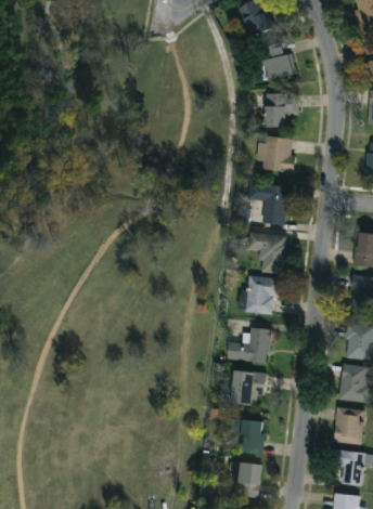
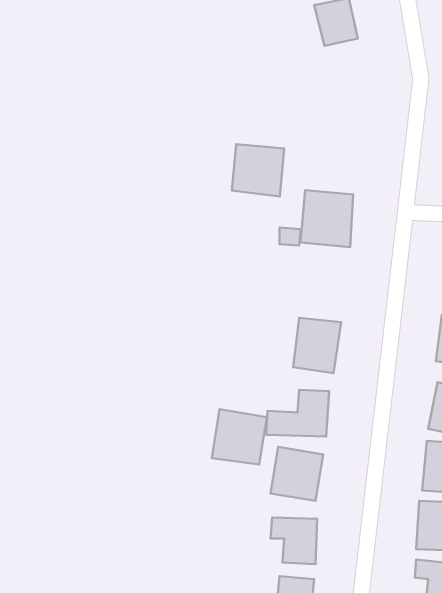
building: [266,92,299,125] -> none
building: [258,134,296,172] -> [232,144,284,197]
building: [248,232,287,273] -> none
building: none -> [212,409,267,465]

